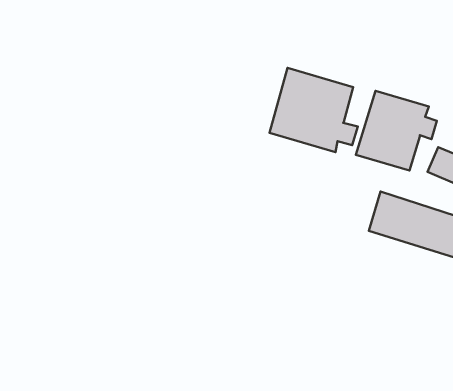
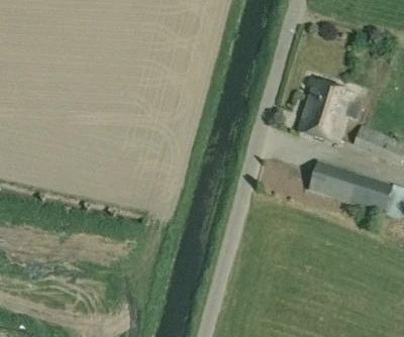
building: [270,68,358,152] -> none

